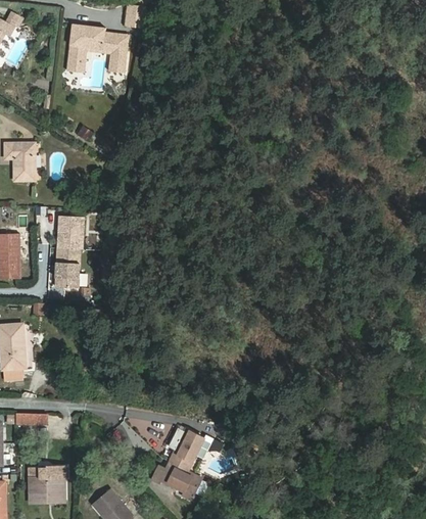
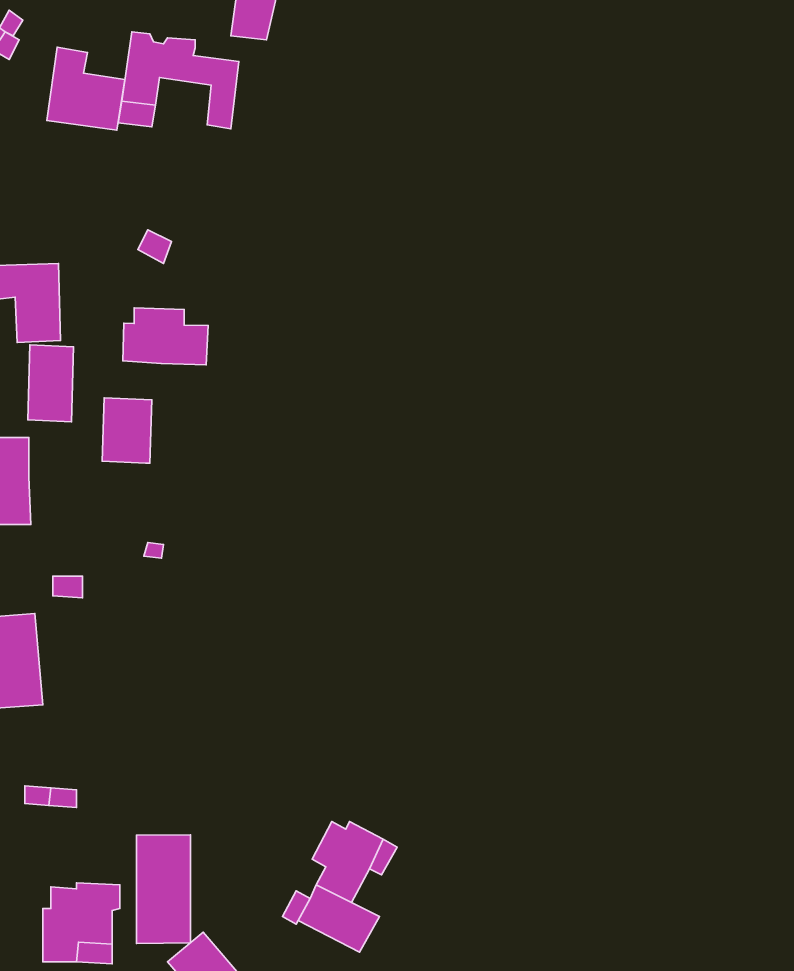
building: none -> [47,47,125,130]
building: none -> [123,308,208,365]
building: [56,245,80,285] -> [28,345,73,422]
building: none -> [136,835,190,943]

